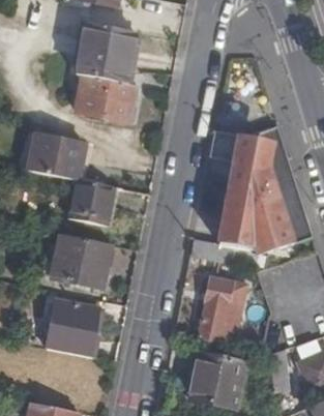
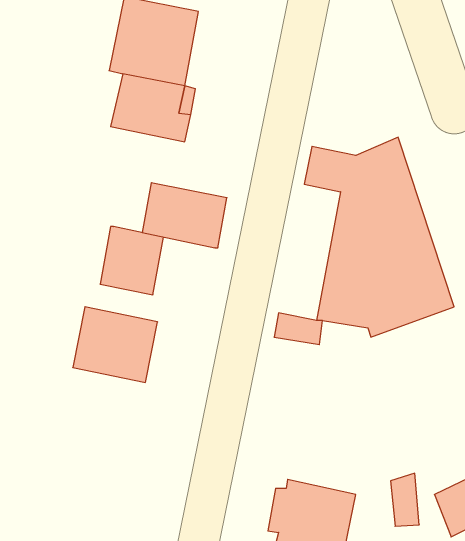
building: [28,136,86,180] -> [142,183,227,248]
building: [199,278,245,343] -> none
building: [47,302,99,357] -> none

